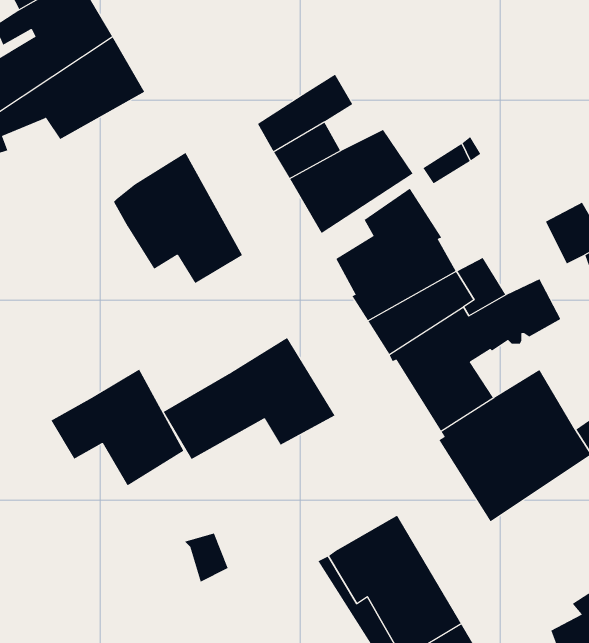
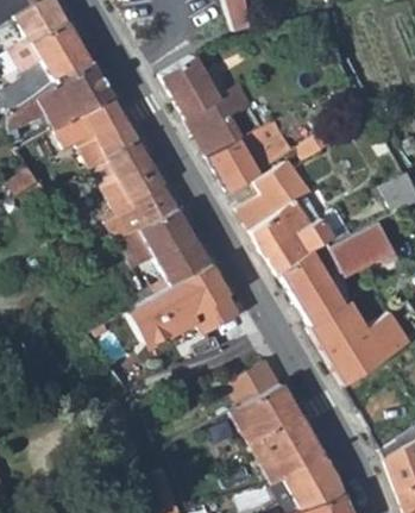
building: none -> [161,57,220,120]
building: none -> [55,98,139,169]
building: [51,369,184,486] -> [118,207,207,286]
building: none -> [226,359,281,405]

